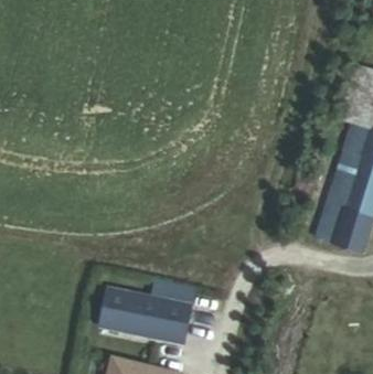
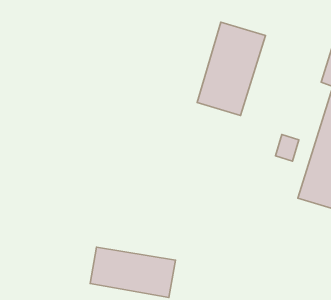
building: none -> [197,22,265,115]

